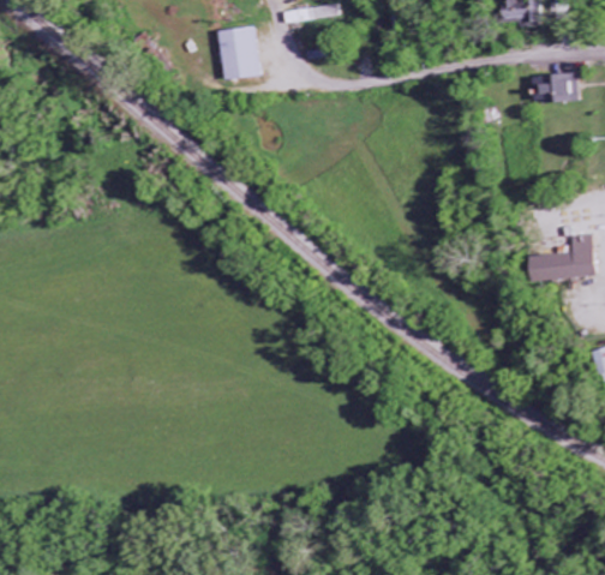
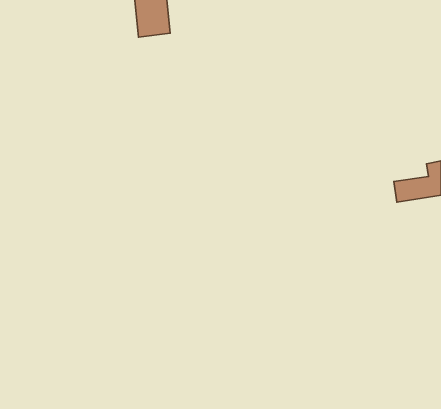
building: [534,73,575,102] -> none

